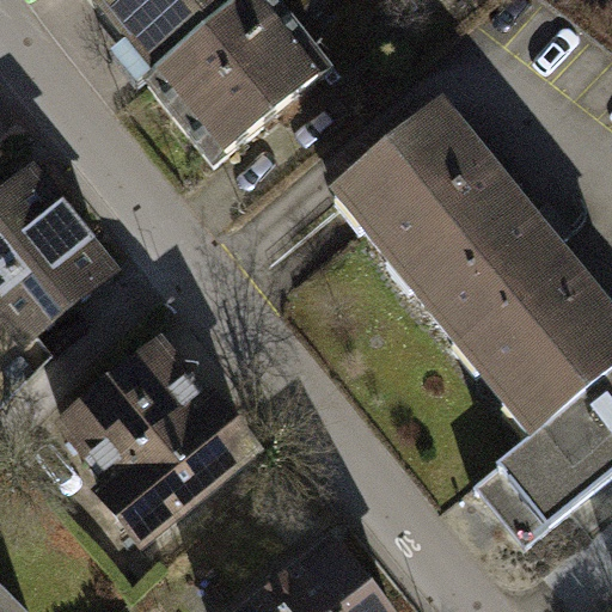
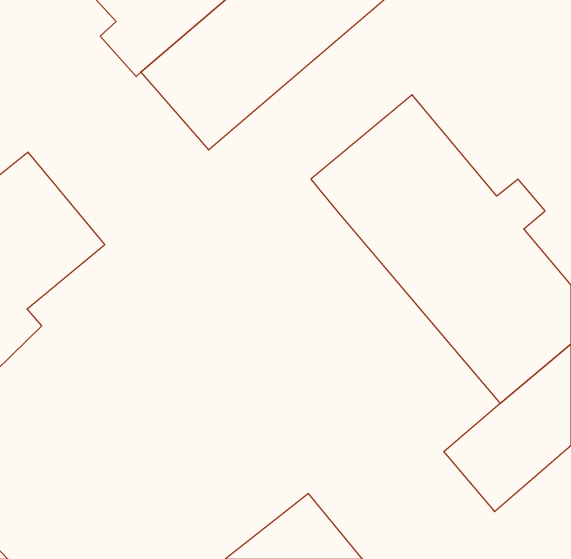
building: [62,330,269,544] -> none

